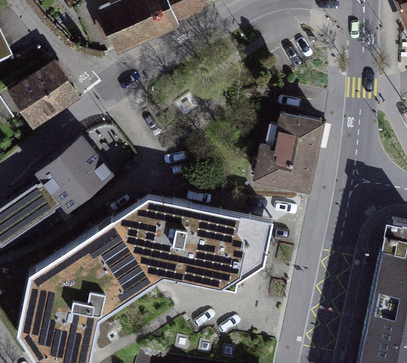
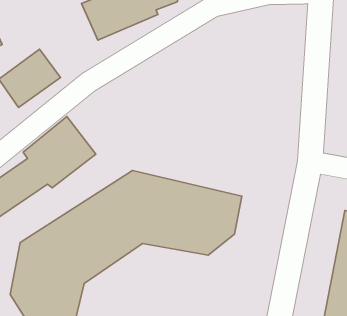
building: [256,112,319,188] -> none

